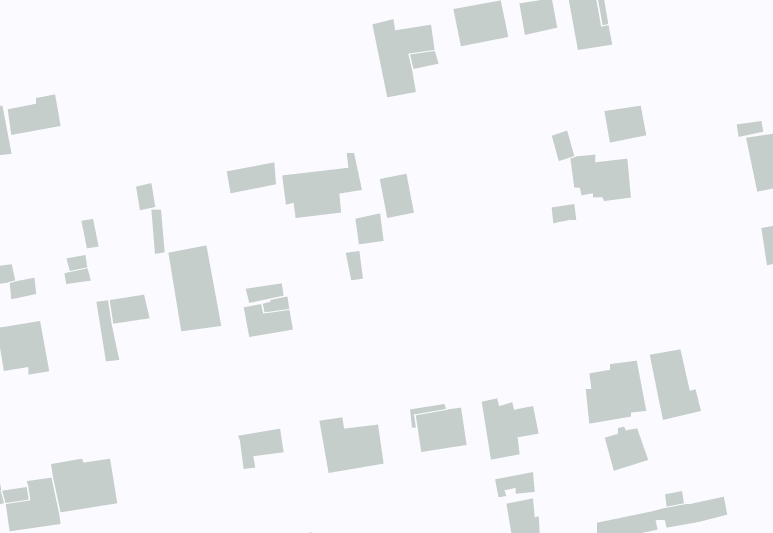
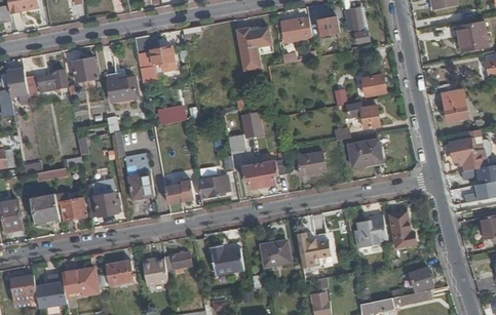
building: none -> [136,37,176,72]
building: none -> [75,60,100,83]
building: none -> [108,73,139,103]
building: [281,152,363,218] -> [242,153,287,189]
building: none -> [348,139,381,167]
building: none -> [297,150,327,174]
building: none -> [197,178,225,197]
building: none -> [61,190,88,220]
building: none -> [97,192,120,214]
building: [604,426,649,471] -> [408,266,432,290]
building: none -> [145,259,168,284]
building: none -> [106,261,136,285]

